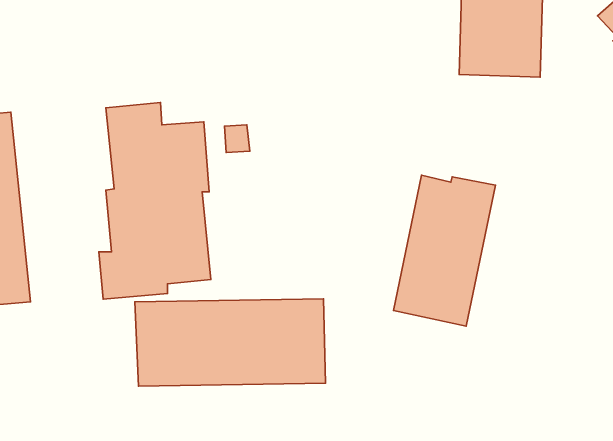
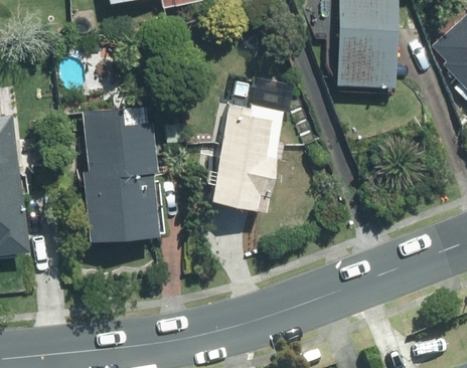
building: [393,175,495,326] -> [209,103,283,211]
building: [135,299,326,386] -> none

